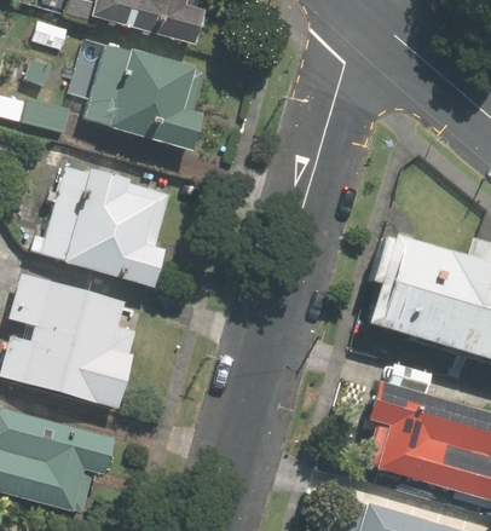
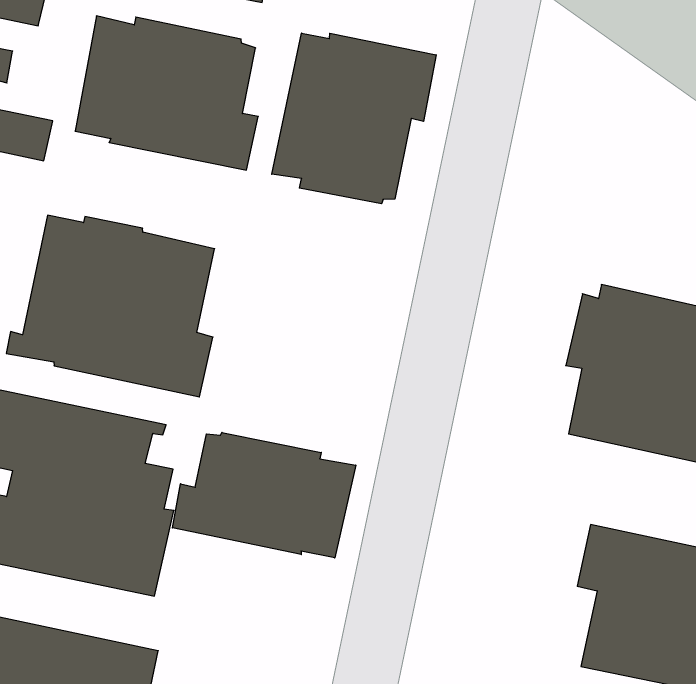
building: none -> [272,33,436,204]
building: none -> [172,432,356,558]

